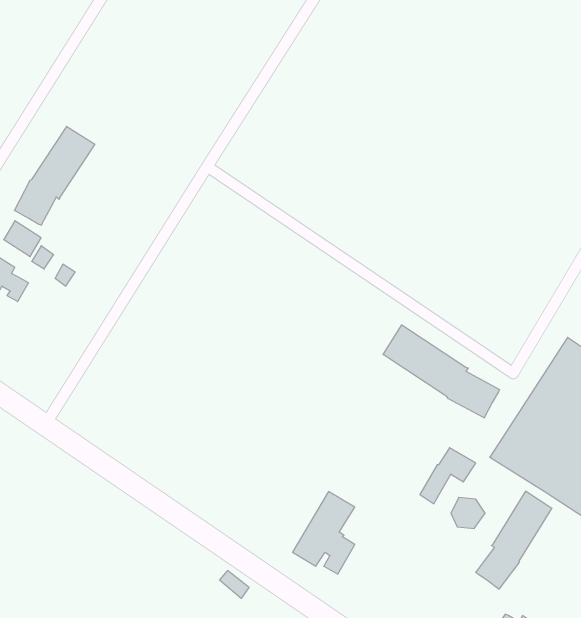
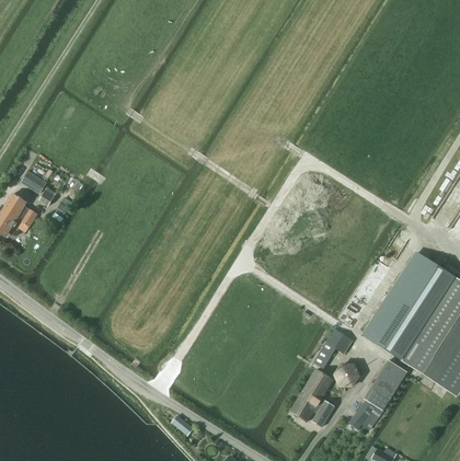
building: [15,126,95,225] -> none
building: [383,325,499,418] -> none
building: [293,492,355,574] -> [290,368,334,426]

